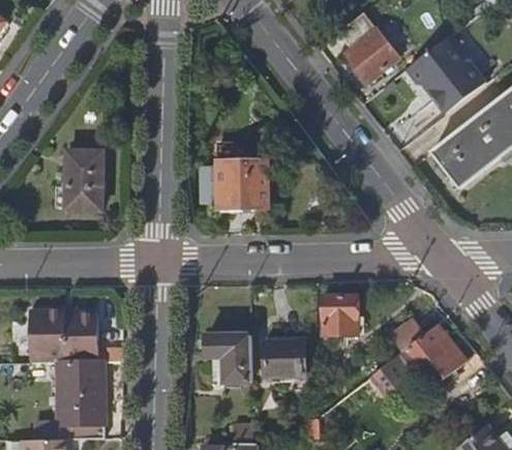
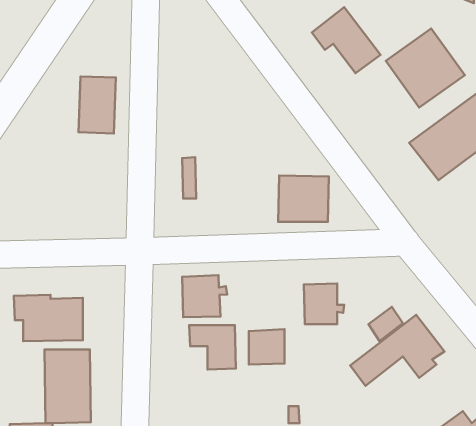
building: [66,148,104,206] -> [78,77,116,133]
building: [218,159,270,207] -> [278,175,329,222]
building: none -> [182,275,227,317]

